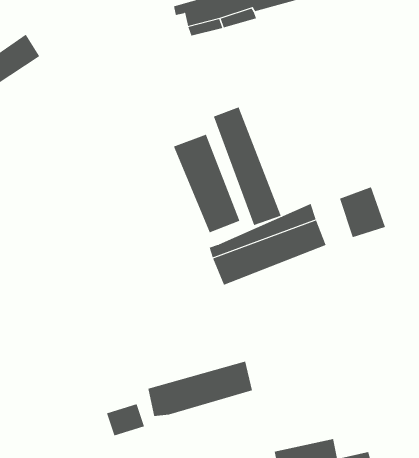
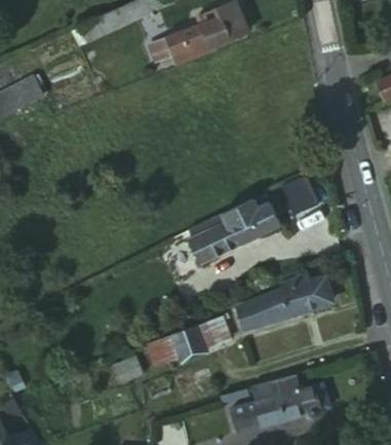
building: [213,107,282,226] -> none
building: [173,134,240,233] -> none
building: none -> [236,276,328,329]

